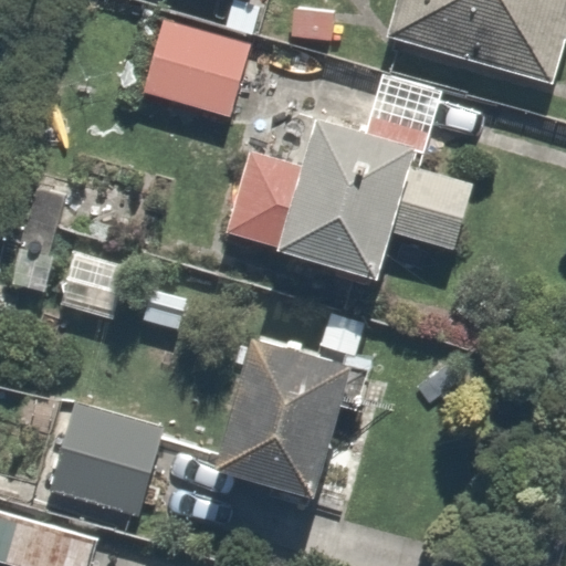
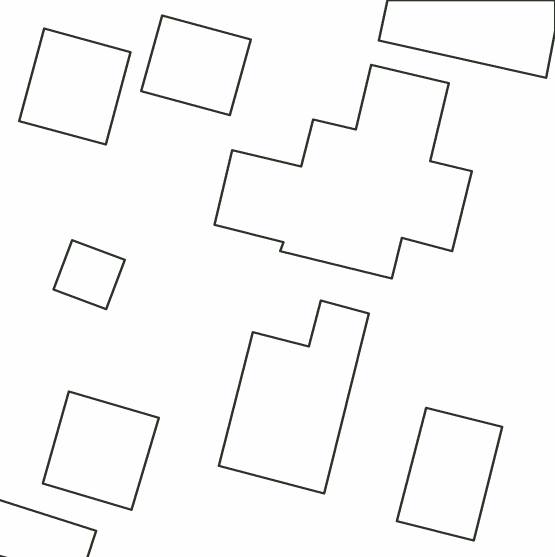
building: none -> [19,29,131,145]
building: none -> [397,408,502,541]

